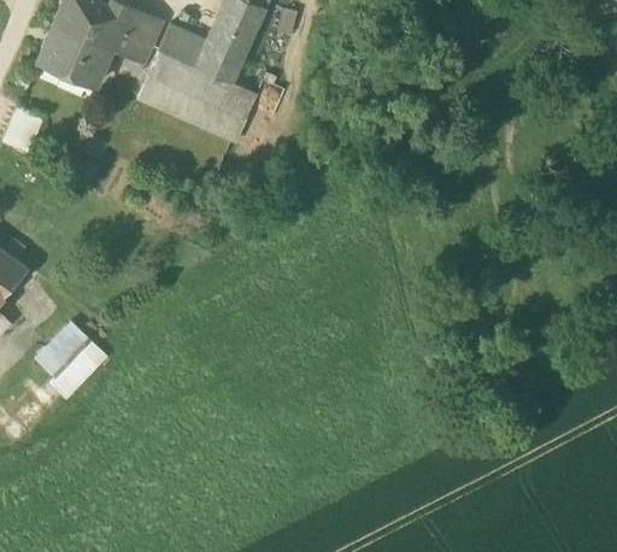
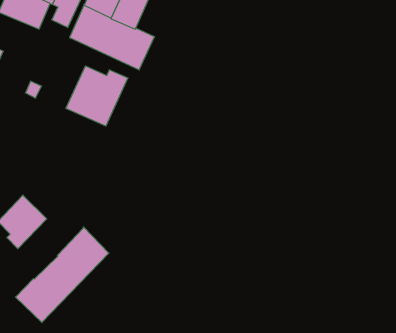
building: none -> [66,66,128,126]
building: none -> [15,227,109,323]

